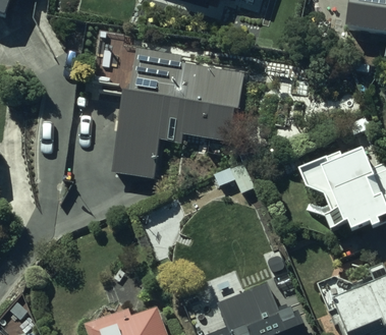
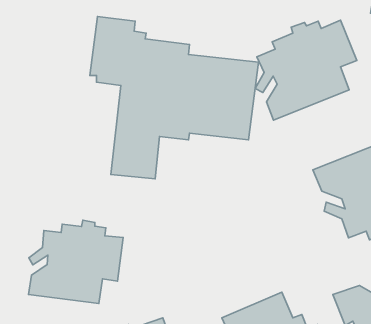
building: none -> [255,20,357,120]
building: none -> [29,220,123,304]

